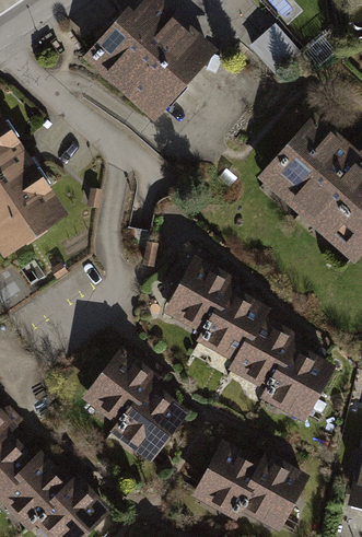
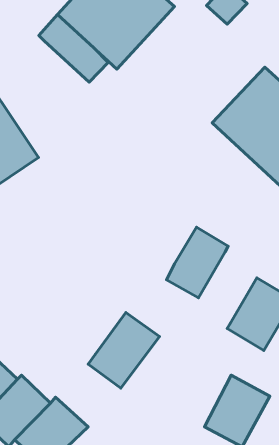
building: none -> [39,15,108,82]
building: [170,258,242,331] -> none
building: [236,318,307,397] -> none
building: [85,349,165,431] -> none
building: [199,442,271,522] -> none

